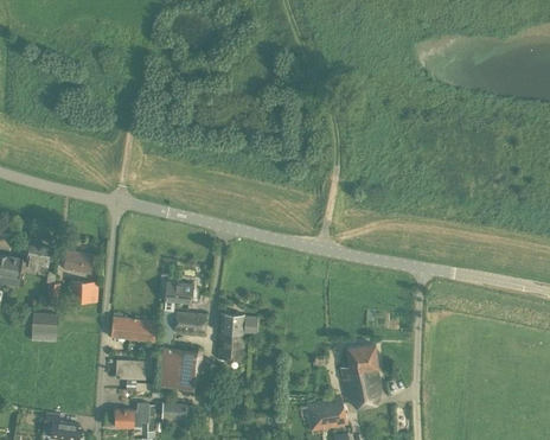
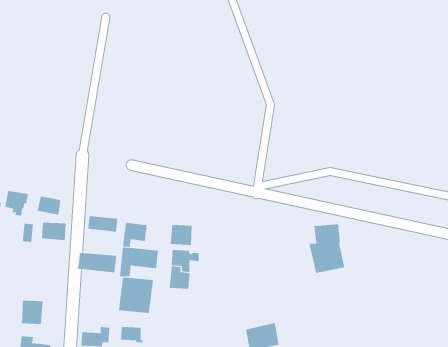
building: none -> [88,216,118,233]
building: none -> [170,224,192,246]
building: [31,313,57,342] -> [21,300,43,324]
building: [339,345,382,403] -> [308,224,345,274]
building: [116,361,146,380] -> none

